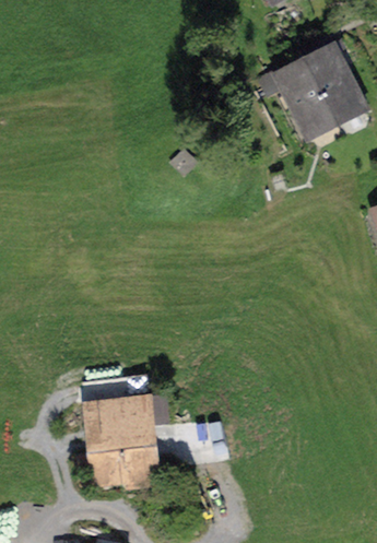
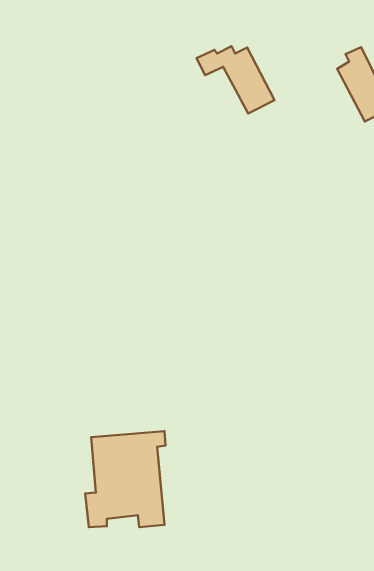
building: [267,64,338,126] -> [197,46,275,114]

